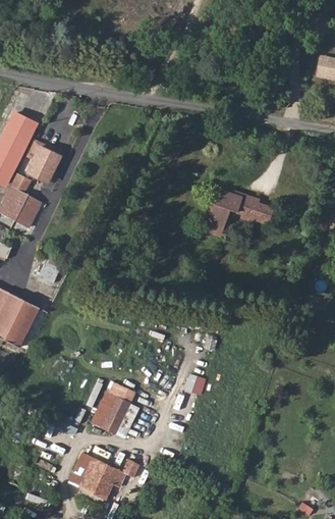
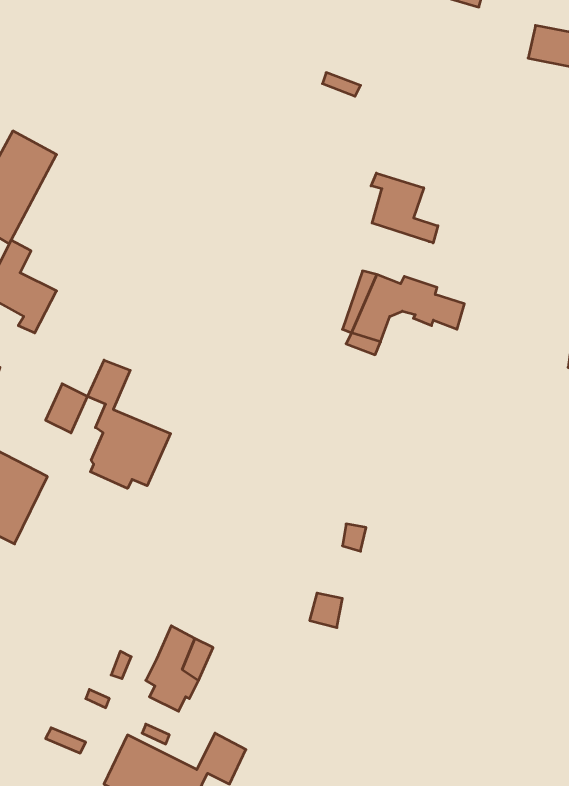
building: none -> [371,173,438,243]
building: [26,140,61,181] -> none
building: none -> [87,360,171,488]

